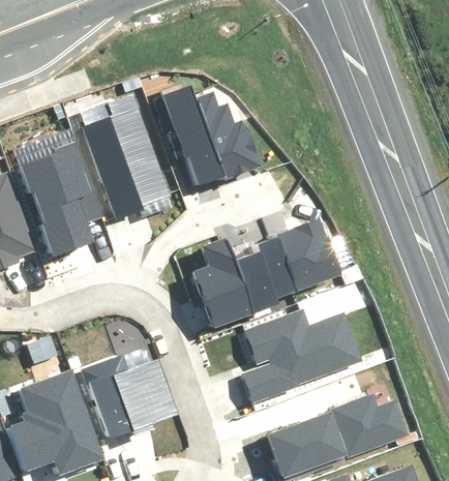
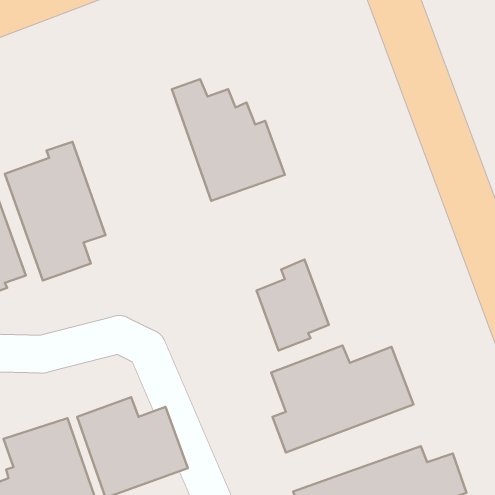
building: [80,97,171,217] -> none
building: [272,220,338,293] -> none
building: [191,239,250,328] -> none

